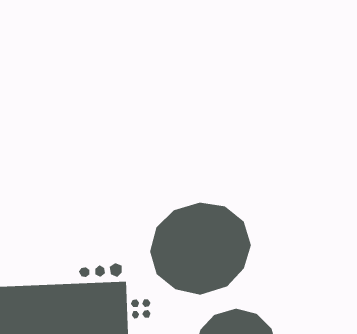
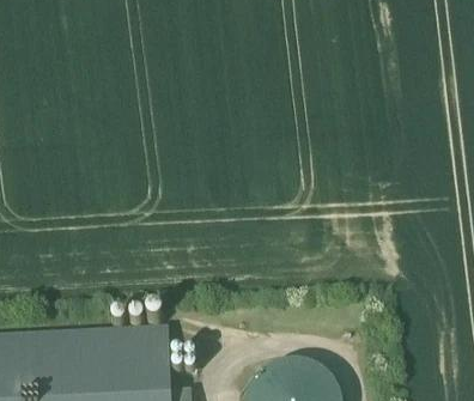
building: [149,202,252,296] -> none

